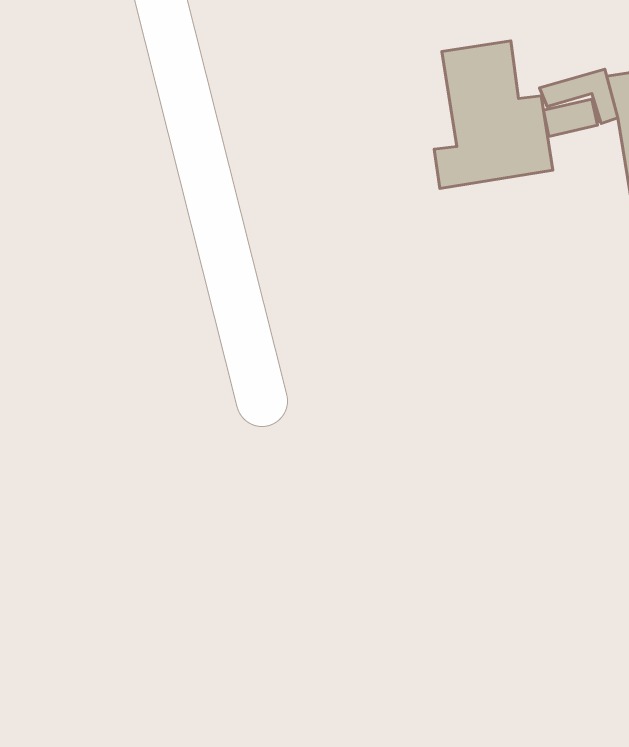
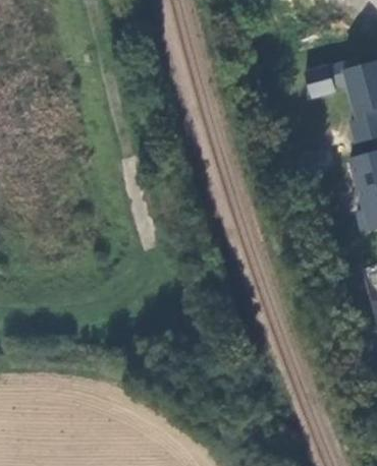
building: [434,41,553,188] -> none

